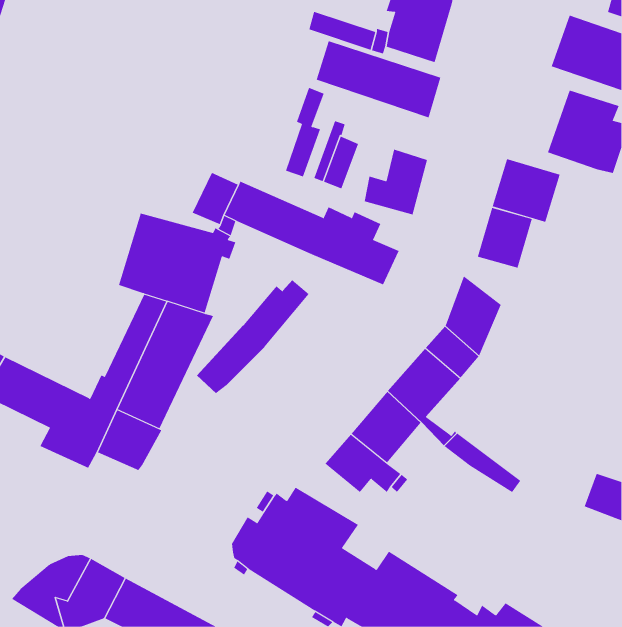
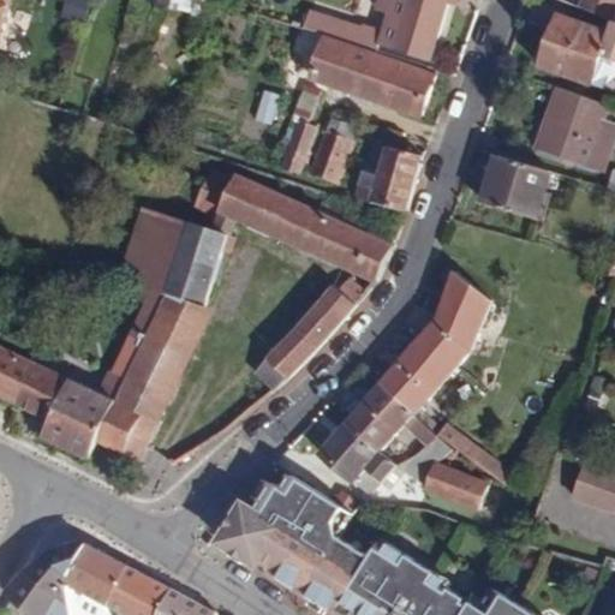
building: [477,207,532,268] -> none
building: [196,279,309,394] -> [252,279,363,390]
building: none -> [423,462,486,508]

